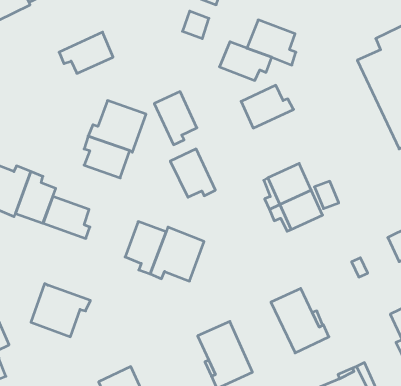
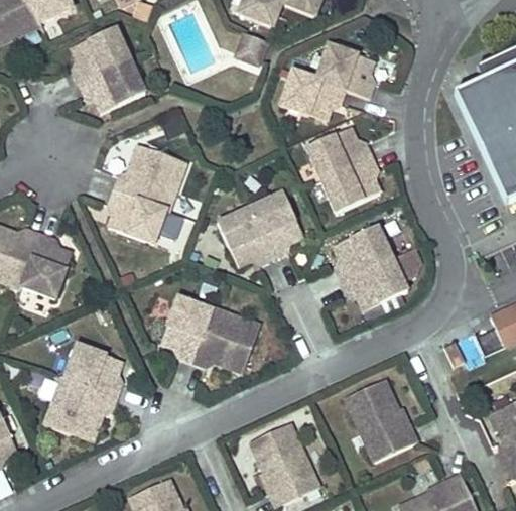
building: none -> [72,25,133,85]
building: [154,92,197,145] -> [250,190,303,257]
building: none -> [321,156,379,211]
building: [43,196,90,238] -> [64,343,123,395]

